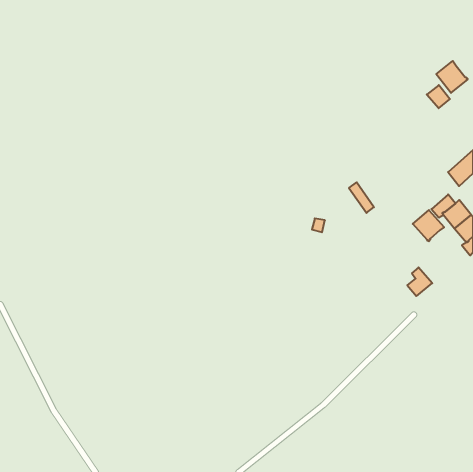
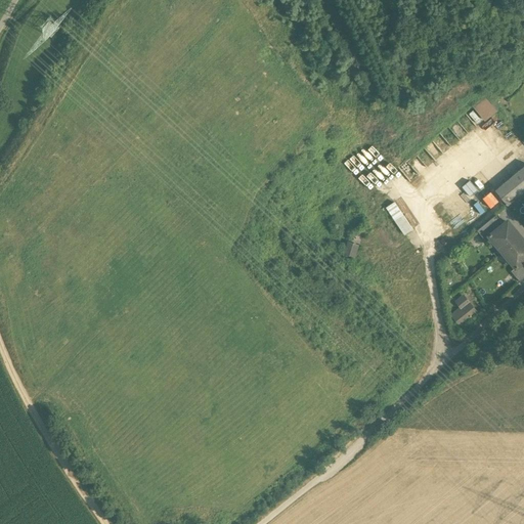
building: [436,61,468,93] -> none
building: [413,210,444,241] -> none

